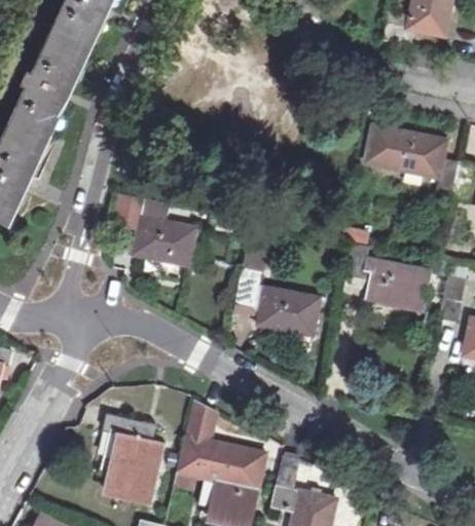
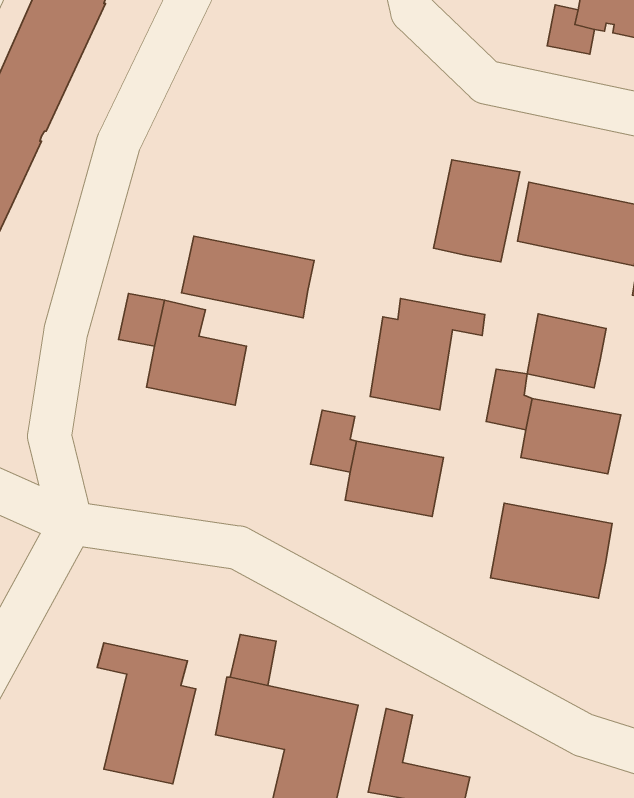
building: none -> [433,160,520,262]
building: none -> [182,236,314,318]
building: none -> [370,299,485,410]
building: none -> [527,314,606,388]
building: none -> [490,503,612,598]

